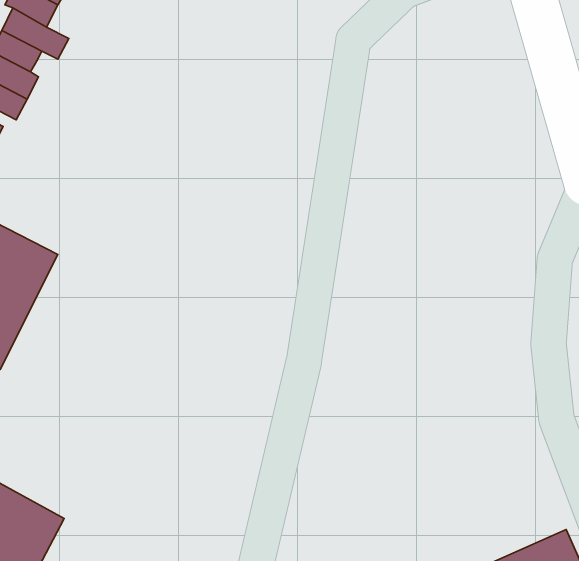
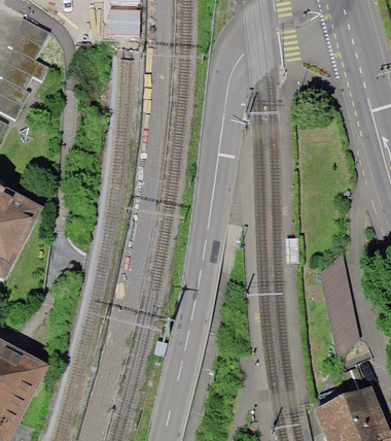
building: none -> [319,249,359,355]

